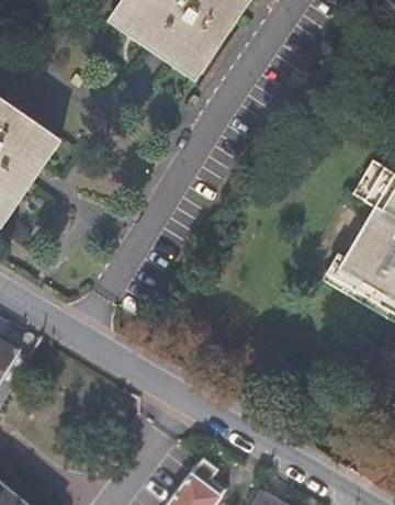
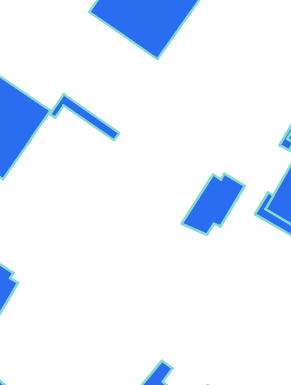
building: none -> [50,94,119,140]
building: none -> [182,174,245,235]

